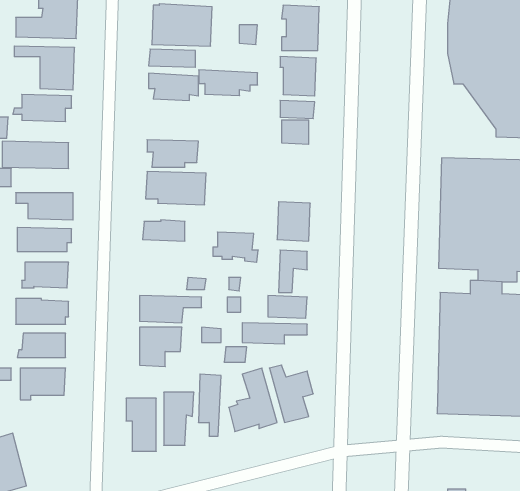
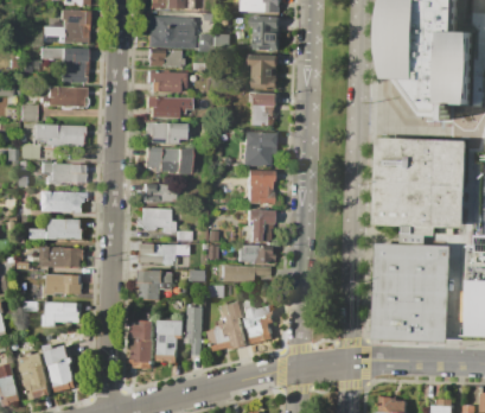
building: [199,70,258,96] -> [145,97,191,117]
building: none -> [243,131,275,167]
building: [213,232,258,262] -> [138,208,173,231]
building: none -> [43,343,76,393]

